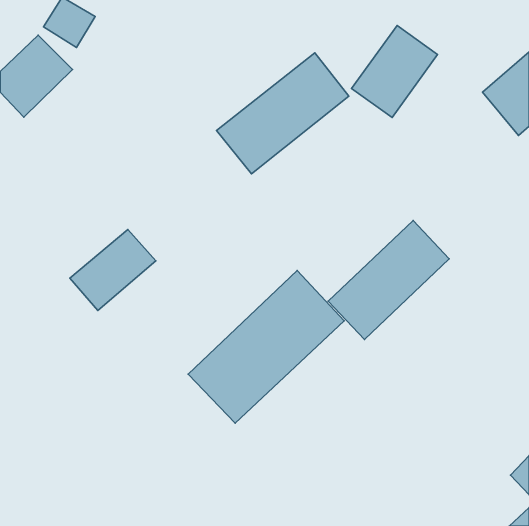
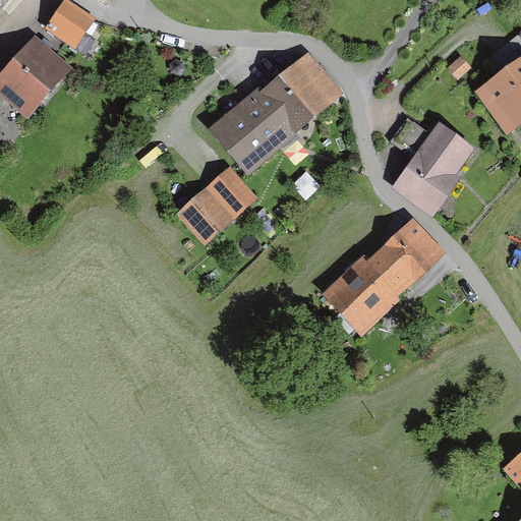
building: [352,25,438,118] -> [396,119,480,210]
building: [70,230,156,310] -> [175,166,259,245]
building: [188,270,344,423] -> none

